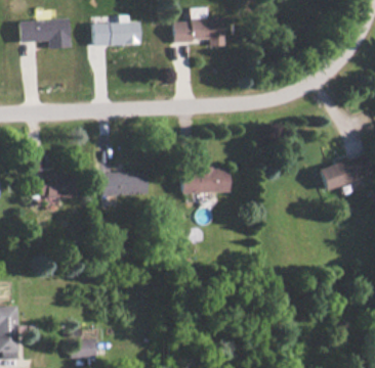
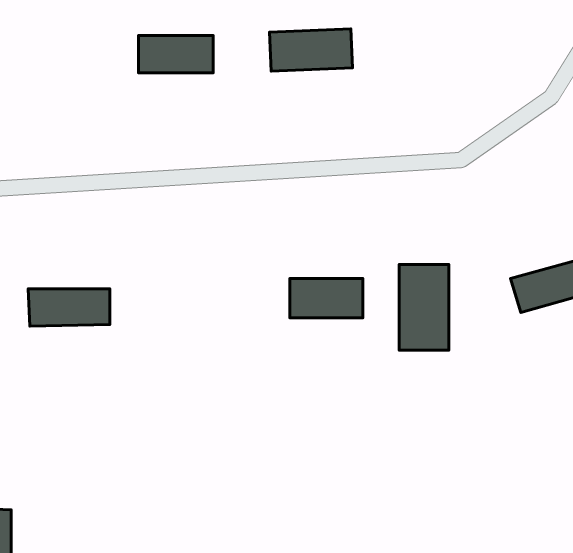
building: [19,18,71,49] -> none
building: none -> [399,264,449,350]
building: [101,173,145,195] -> none

